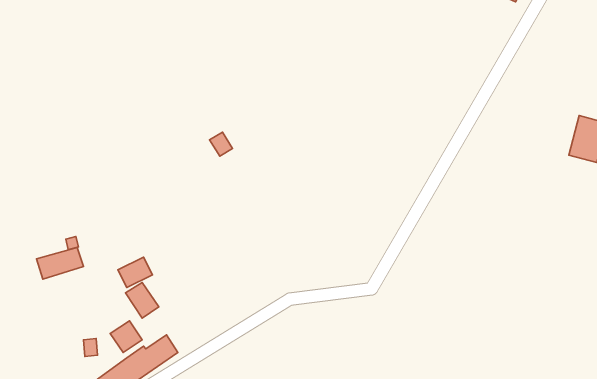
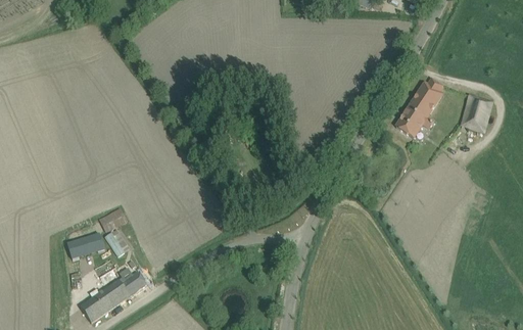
building: none -> [395,79,445,138]
building: [37,247,84,279] -> [65,234,103,260]

